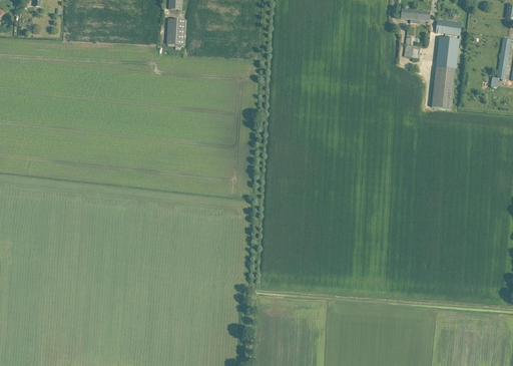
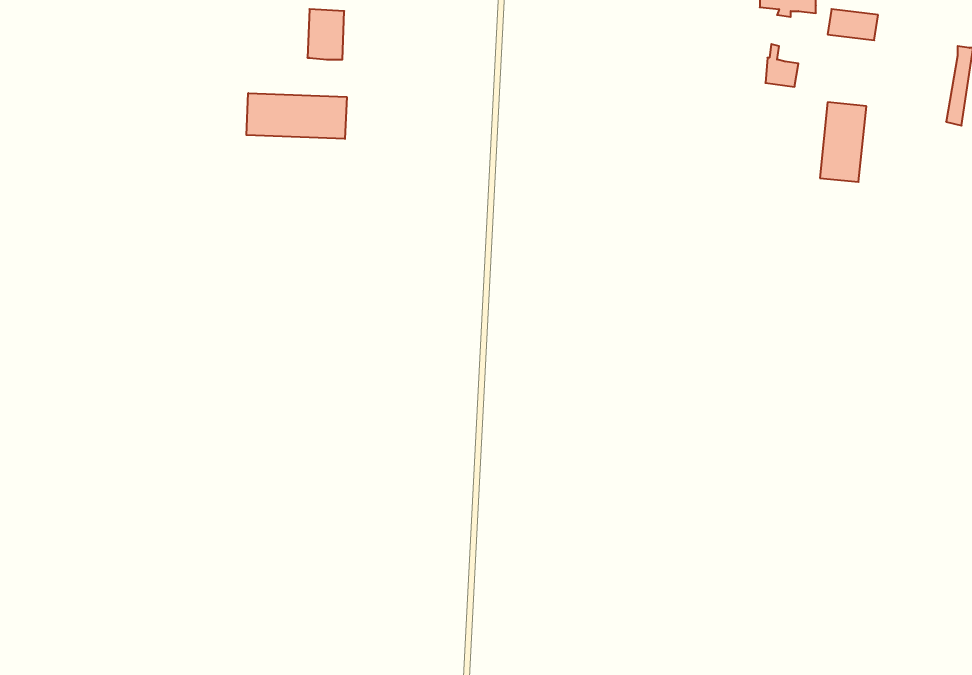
building: [435,36,458,68] -> none
building: none -> [246,93,347,139]

